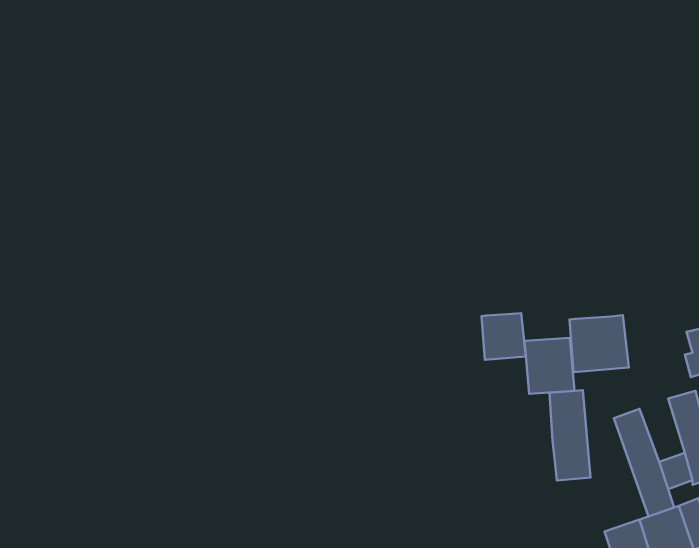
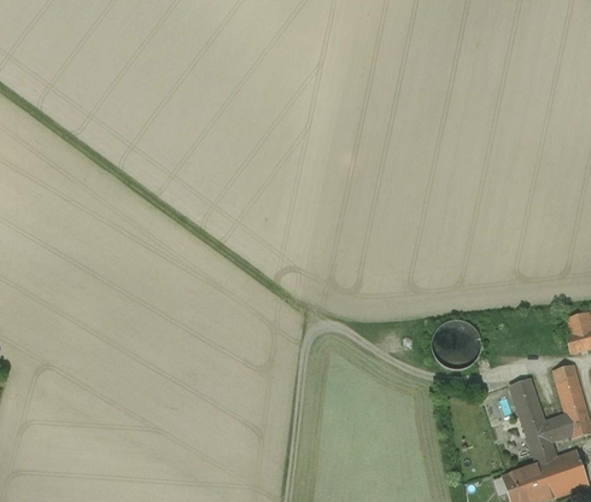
building: [482,313,526,360] -> none
building: [569,315,629,372] -> none
building: [549,390,590,480] -> none

